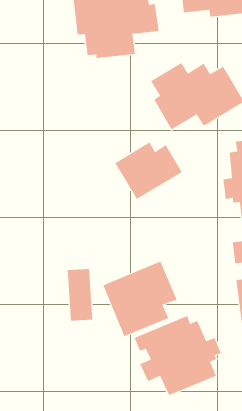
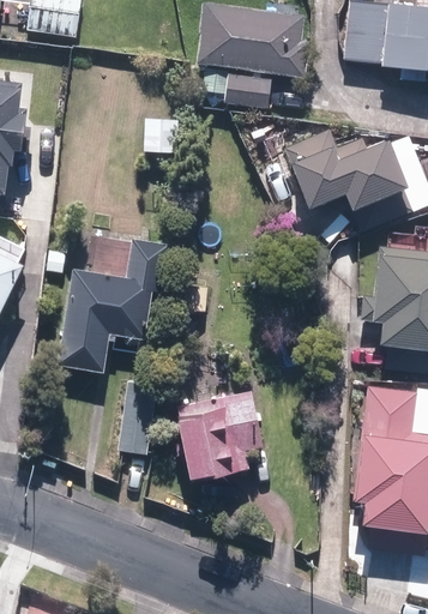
building: [114,141,182,200] -> none
building: none -> [62,235,167,371]
building: [134,315,222,396] -> none

